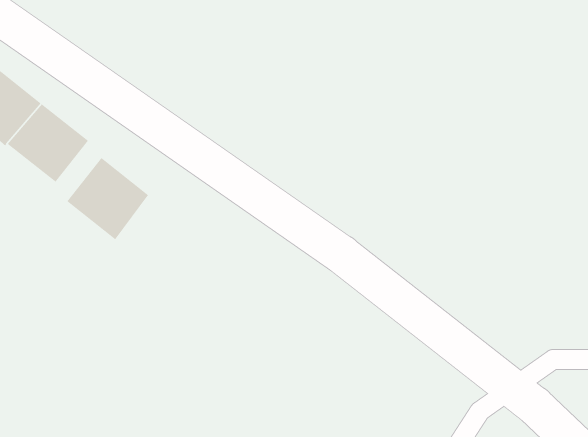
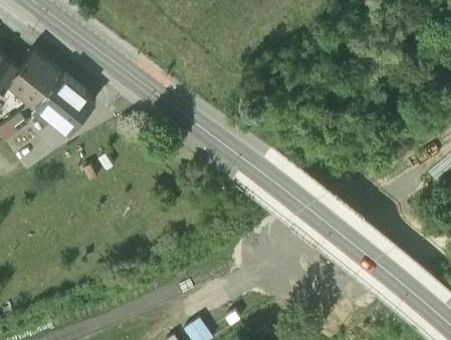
building: [66,157,149,240] -> none

